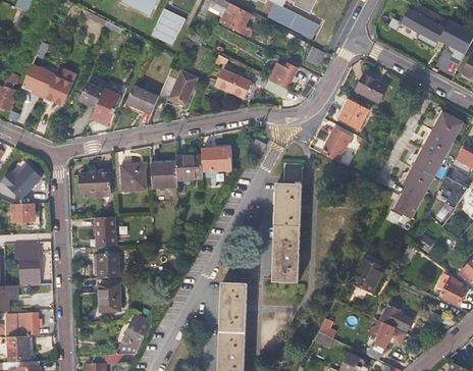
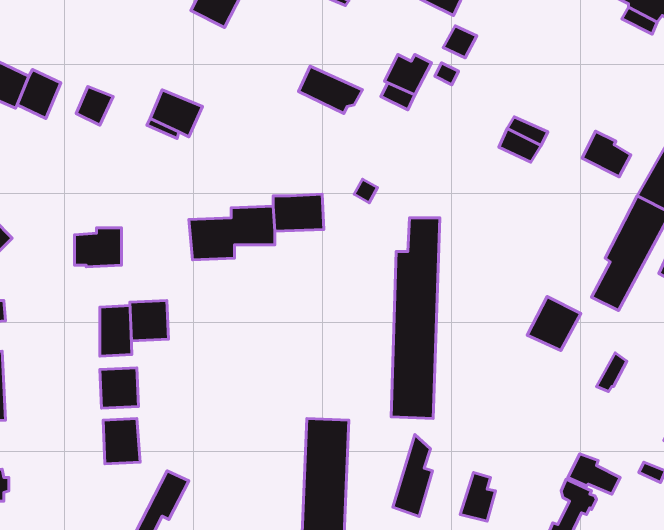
building: [160,64,200,105] -> none
building: [355,74,384,102] -> [582,131,631,177]
building: [93,89,120,125] -> none
building: [320,127,351,162] -> none
building: [122,165,146,190] -> [130,300,169,341]
building: [352,259,384,292] -> [527,296,581,350]
building: none -> [393,434,433,516]

